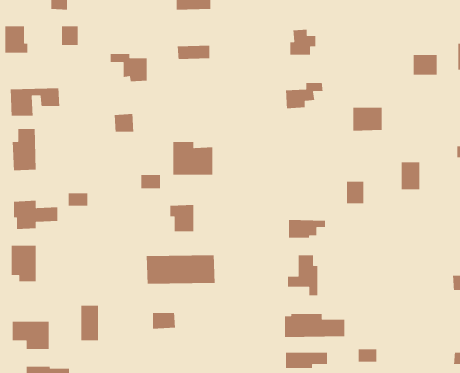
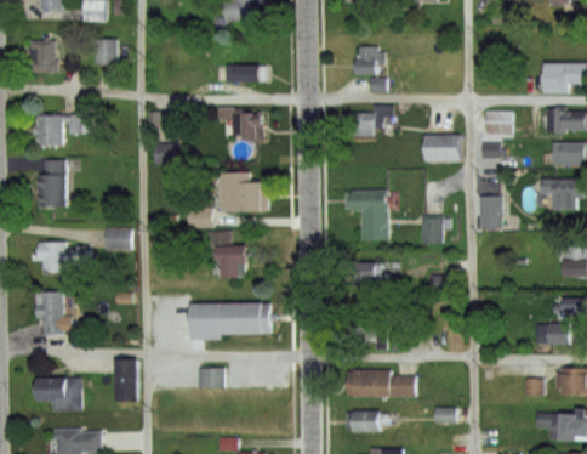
building: [110,53,147,82] -> [216,107,258,140]
building: [413,54,437,76] -> [481,112,509,136]
building: none -> [342,192,384,242]

